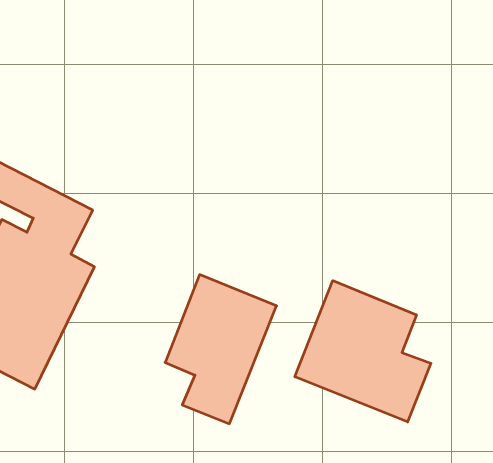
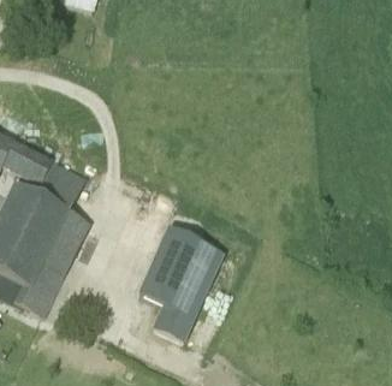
building: [295,281,431,422] -> none

